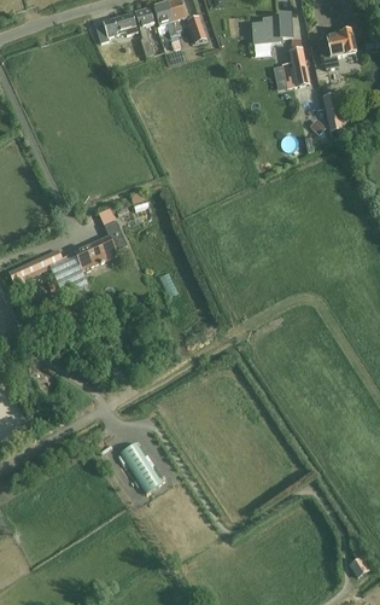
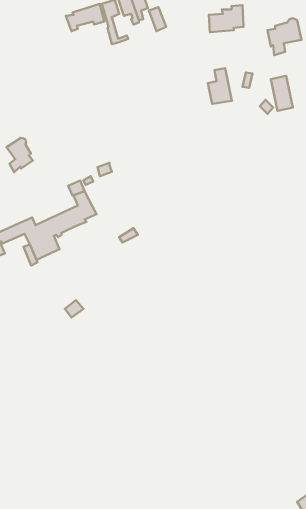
building: [281,41,308,81] -> [208,68,232,104]
building: none -> [7,138,33,172]
building: [118,441,160,491] -> none

